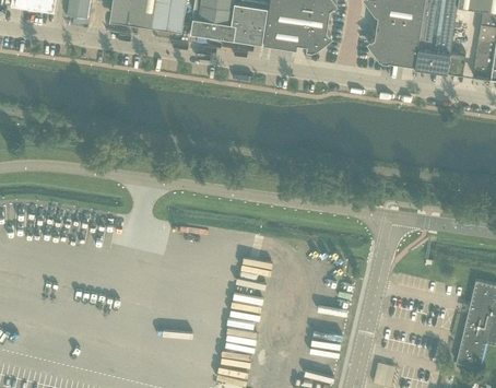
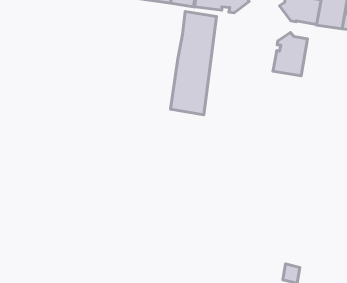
building: none -> [171,11,217,115]
building: none -> [273,33,308,76]

